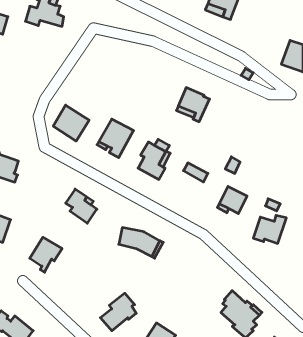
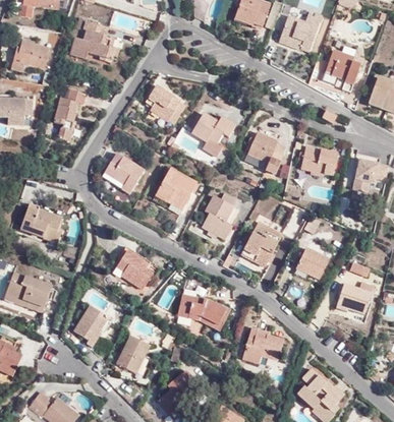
building: none -> [324,50,361,92]
building: none -> [145,84,182,120]
building: none -> [53,89,86,141]
building: none -> [191,112,235,155]
building: none -> [300,144,337,176]
building: none -> [352,159,388,191]
building: none -> [241,228,277,264]
building: none -> [242,327,283,362]
building: none -> [117,336,149,372]

